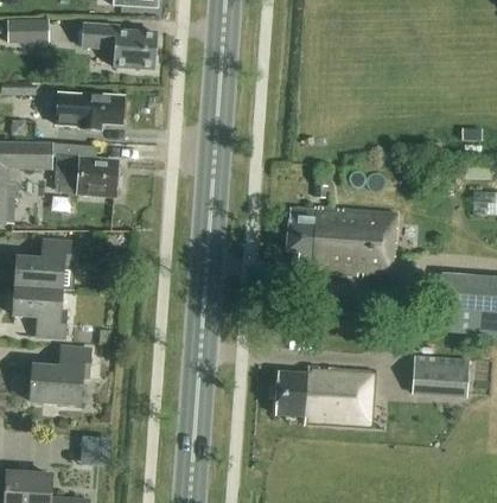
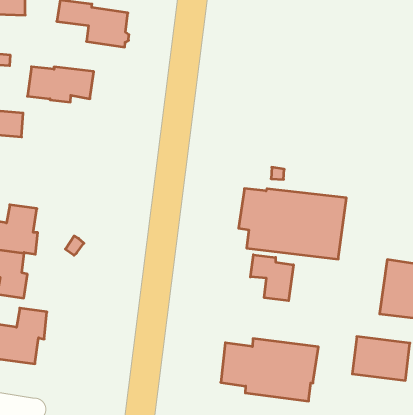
building: [55,142,119,193] -> none
building: none -> [250,255,293,301]

